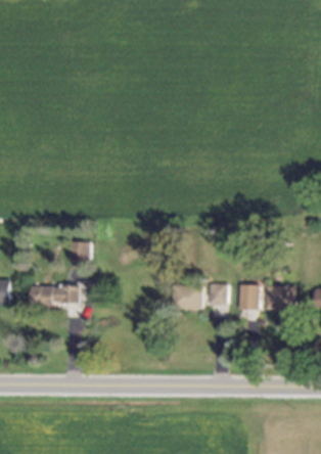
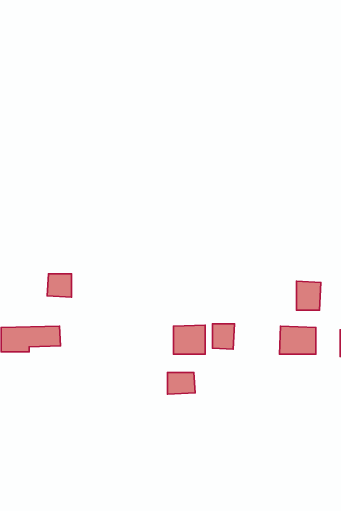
building: [238,285,259,310] -> [296,281,321,310]
building: none -> [167,372,195,394]

